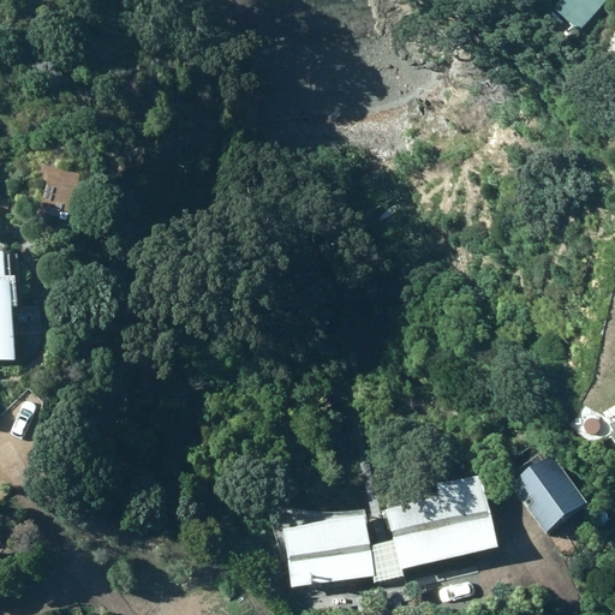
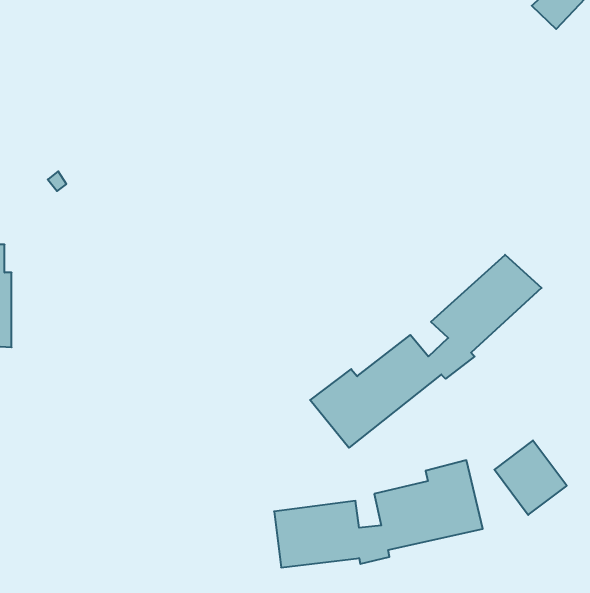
building: none -> [310,255,542,448]

